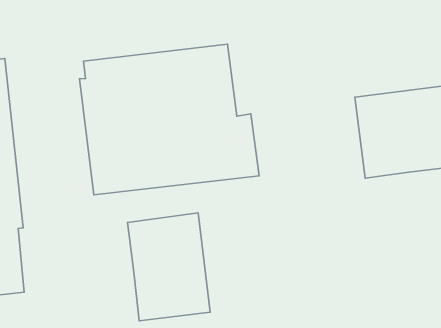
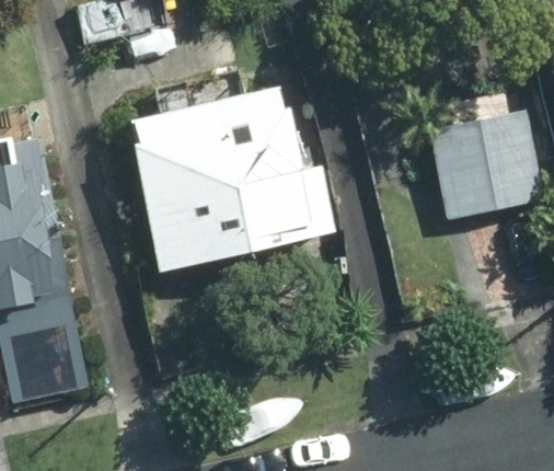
building: [128,213,210,321] -> none

